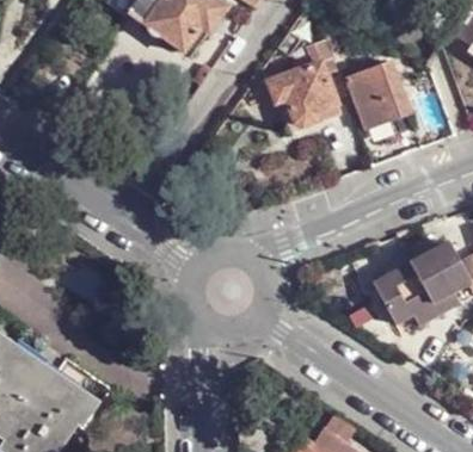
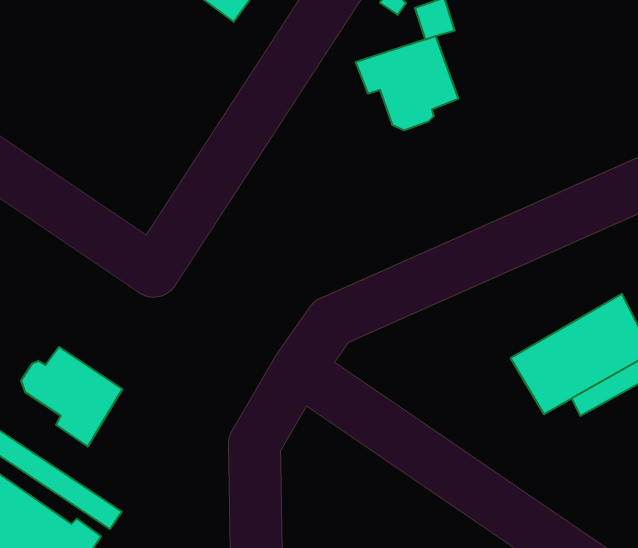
building: [348,61,411,129] -> none
building: none -> [21,347,122,447]

